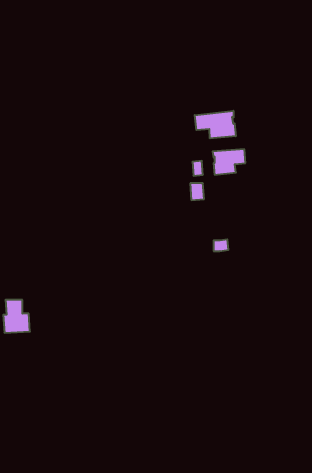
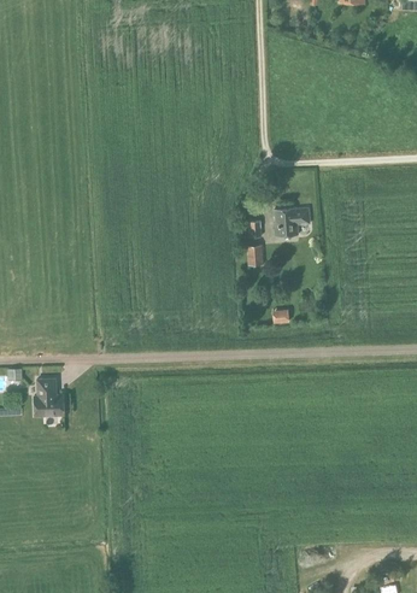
building: [195,111,236,138] -> none

